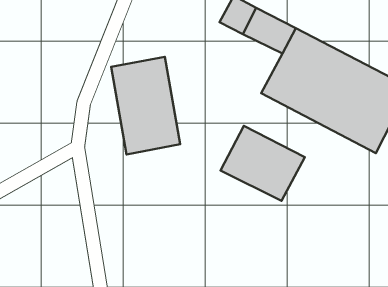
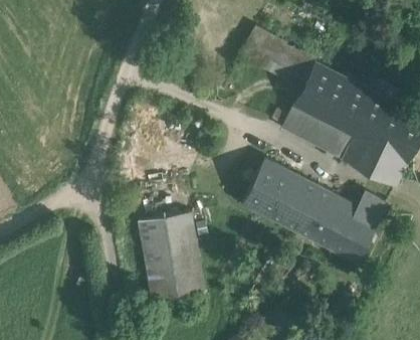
building: [111,57,180,154] -> [138,210,206,307]
building: none -> [301,189,385,261]

